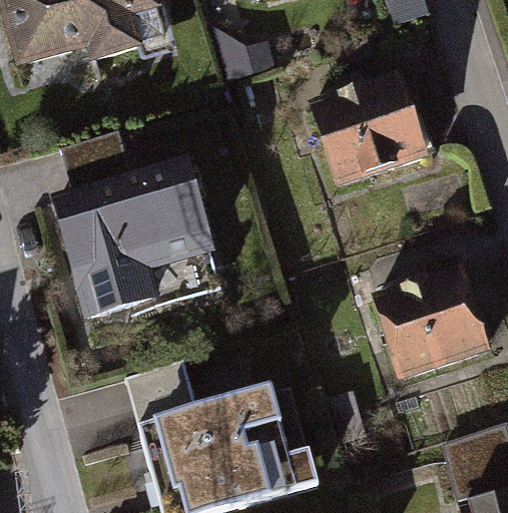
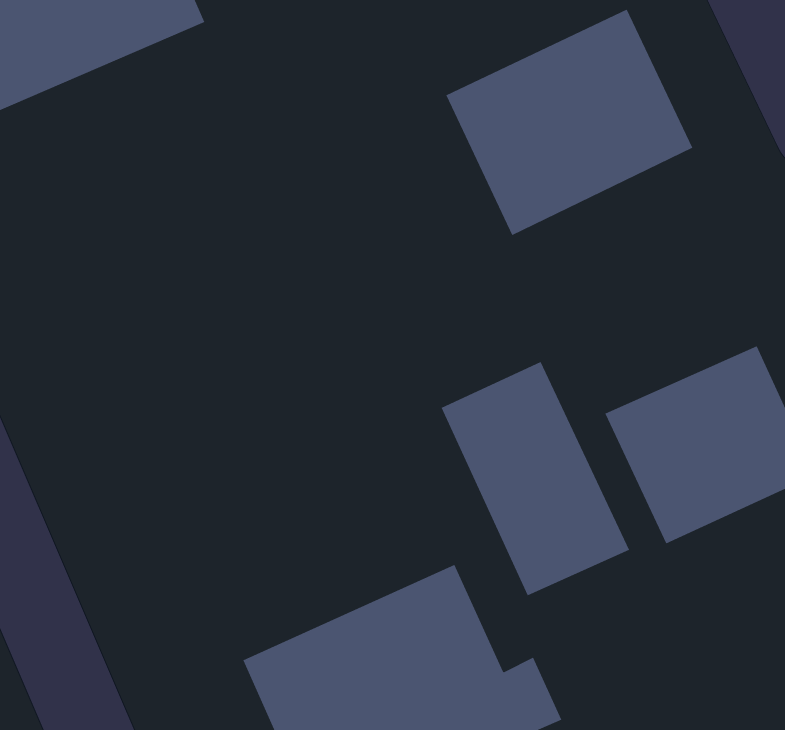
building: [60,171,203,297] -> none
building: none -> [441,361,630,596]

